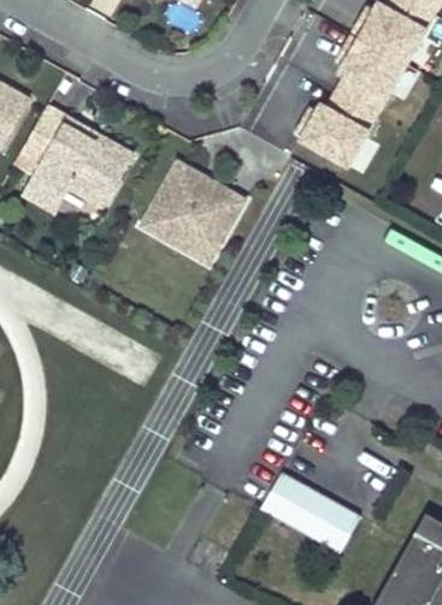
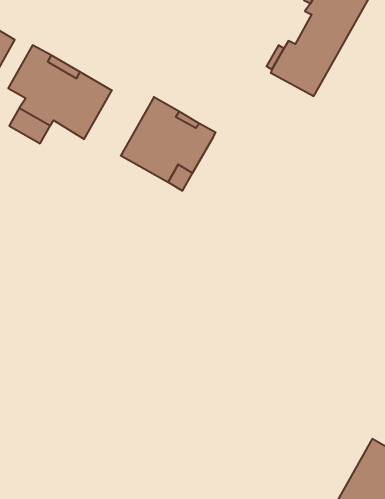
building: [263,467,363,547] -> none

